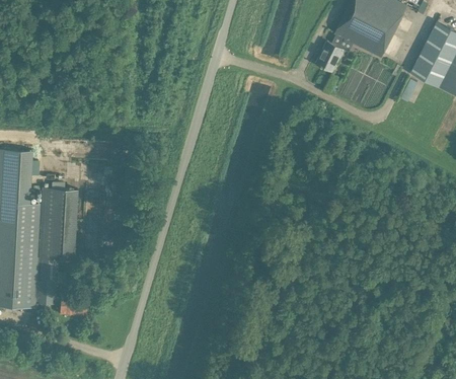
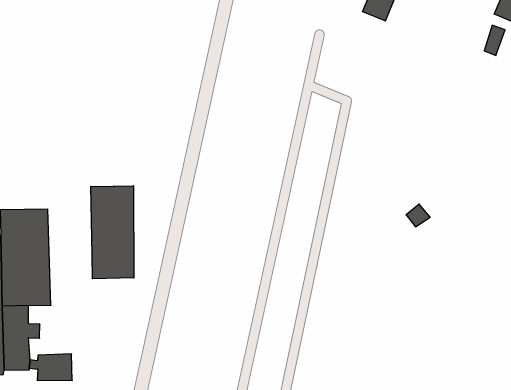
building: none -> [91,186,134,279]

